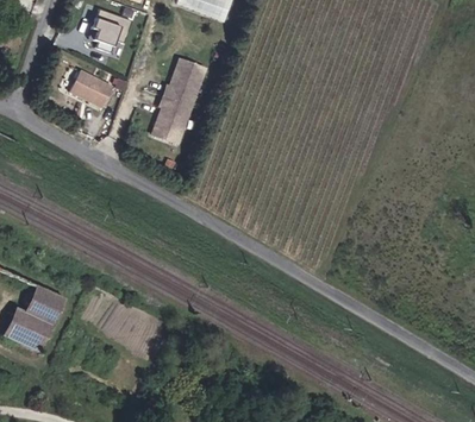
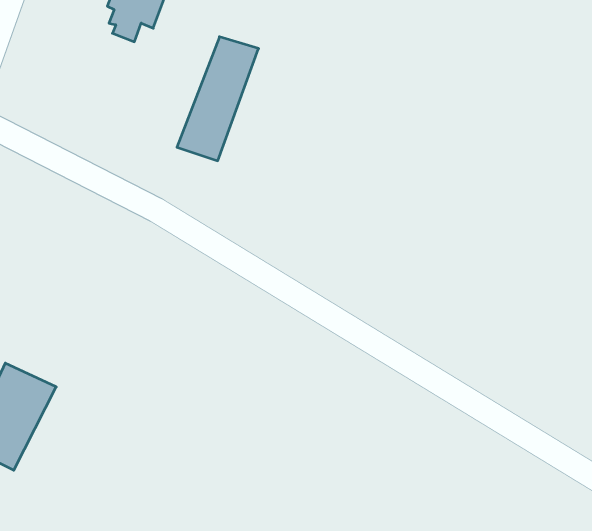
building: [77,77,119,114] -> none

